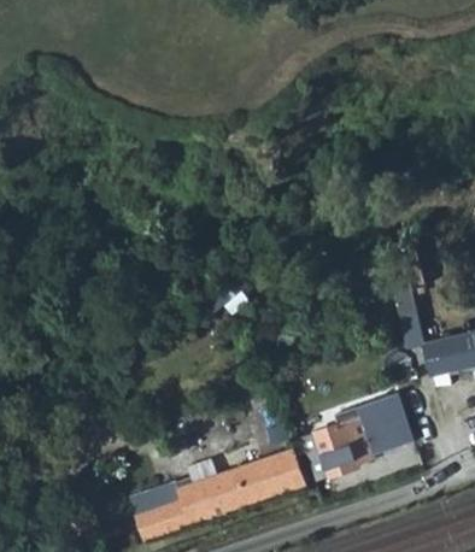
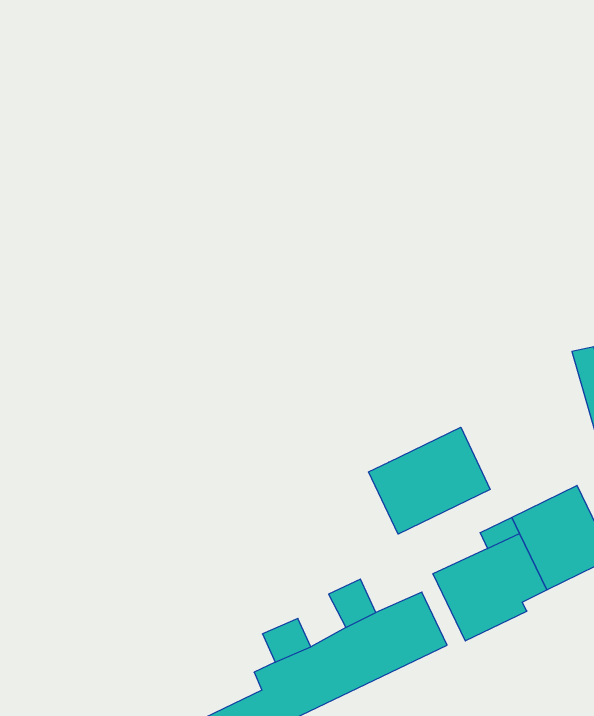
building: none -> [369,427,490,534]

